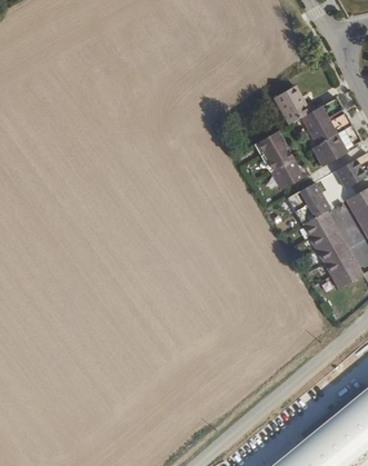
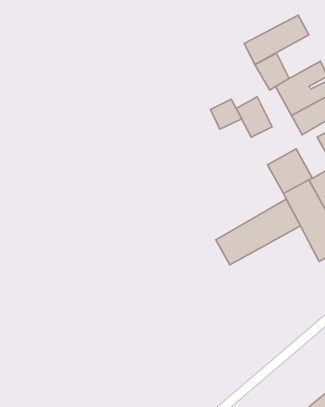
building: none -> [244,15,309,65]
building: [267,157,297,186] -> [211,99,242,129]
building: none -> [216,199,301,265]

